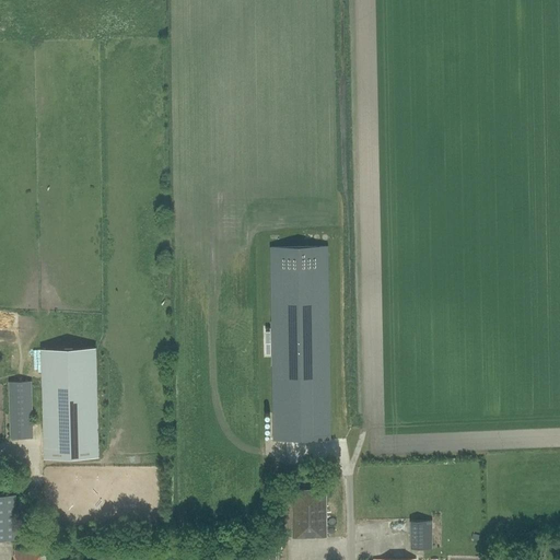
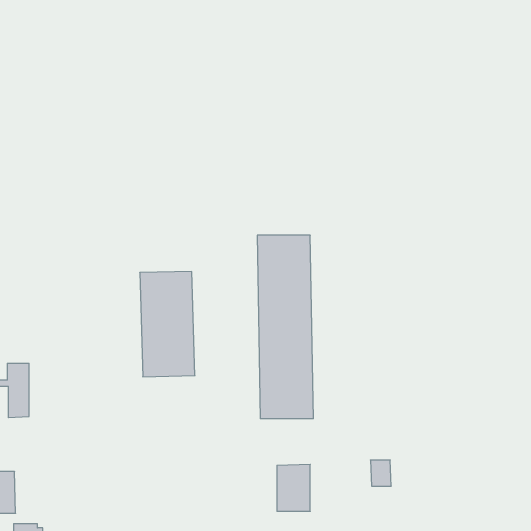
building: [40,349,98,459] -> [140,272,195,377]
building: [409,522,431,549] -> [370,460,391,486]

